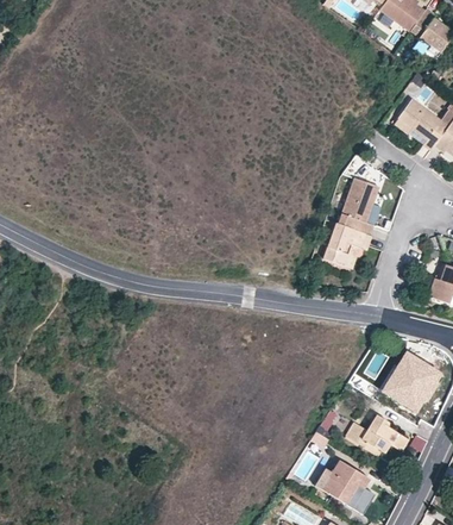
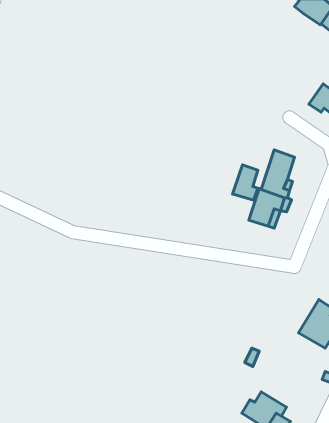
building: none -> [233,165,258,200]
building: [345,414,408,452] -> none

